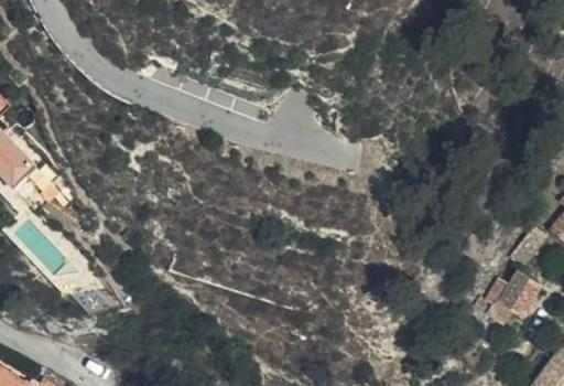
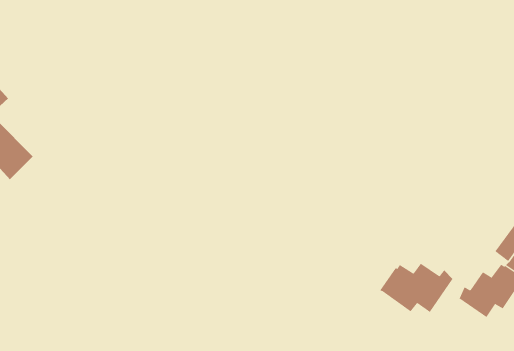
building: none -> [379,263,453,313]

